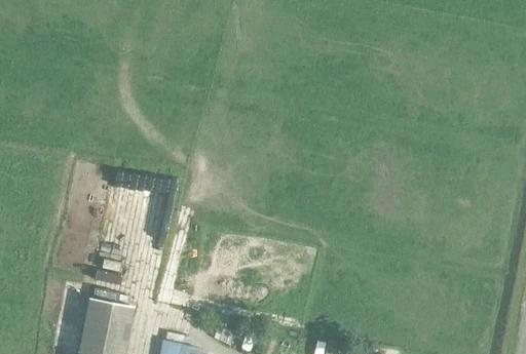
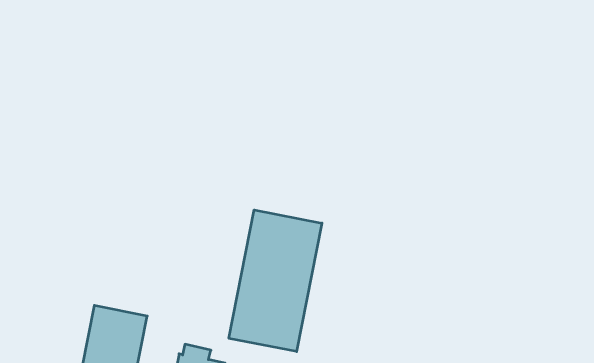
building: none -> [229,210,322,352]

